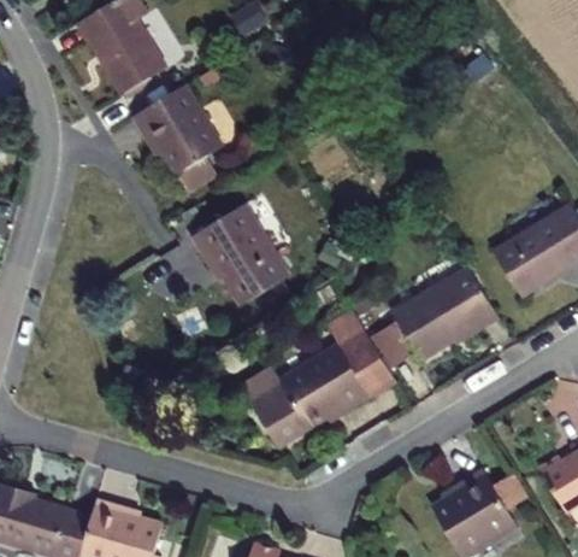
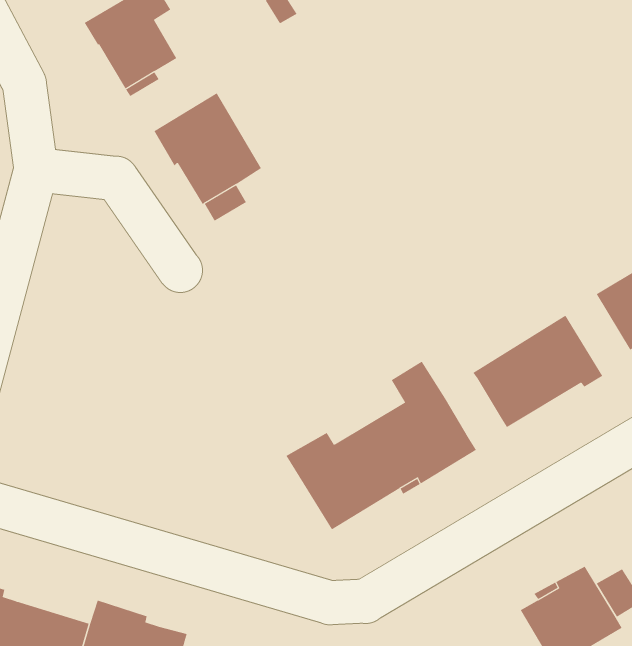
building: [195,206,293,309] -> none
building: [374,318,419,367] -> none

